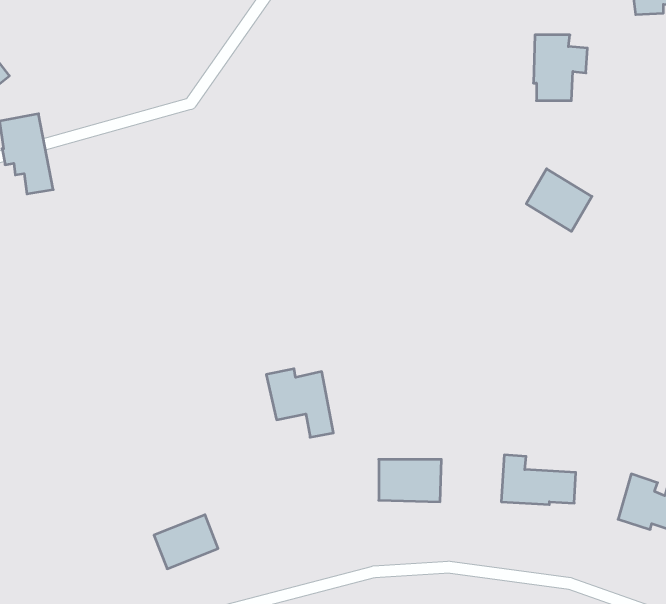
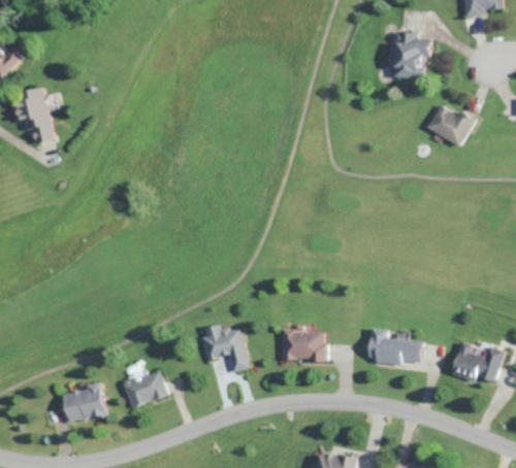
building: [526,169,592,231] -> [427,102,474,146]
building: [266,369,333,437] -> [202,324,250,372]
building: none -> [63,382,106,423]

